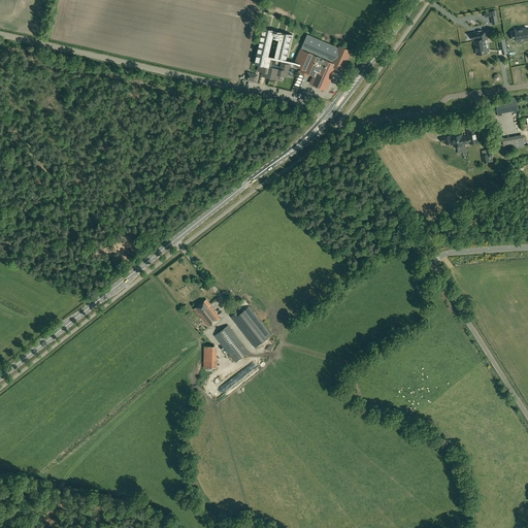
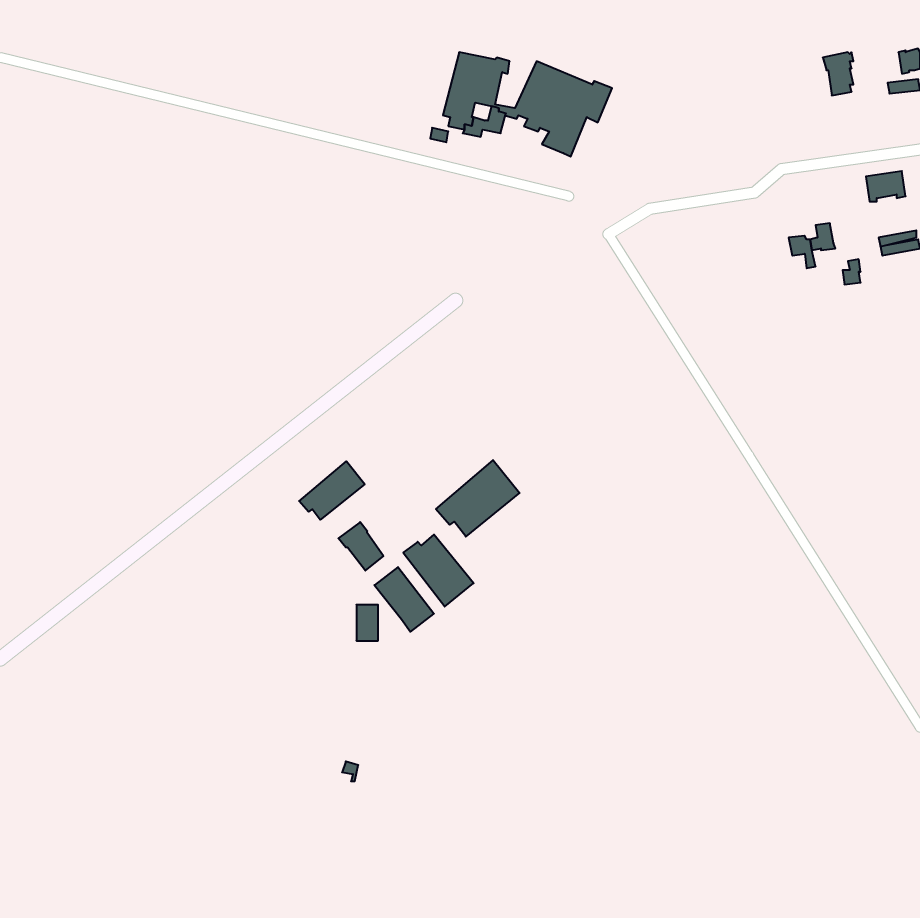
building: none -> [436,460,520,537]
building: none -> [299,461,365,520]

